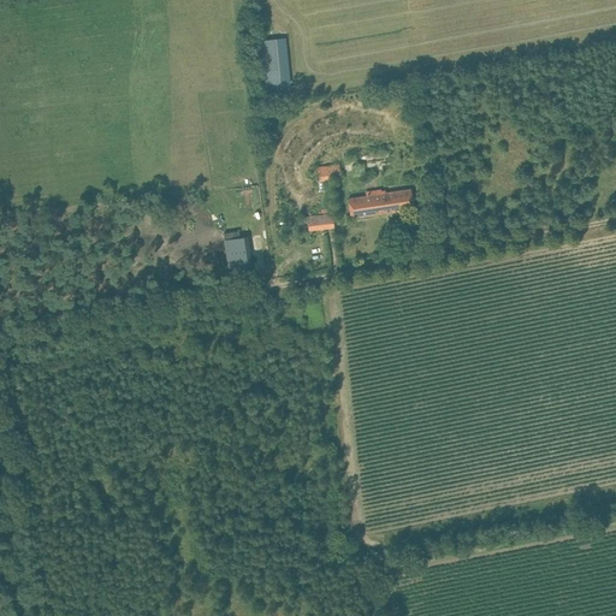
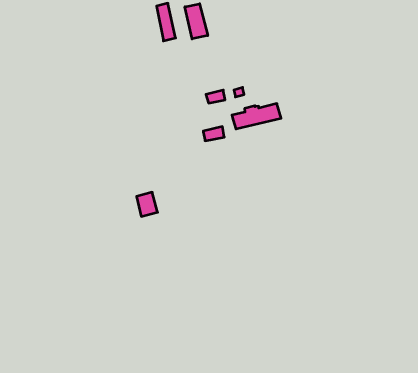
building: none -> [185,4,208,39]
building: [225,236,251,267] -> [137,192,158,216]

